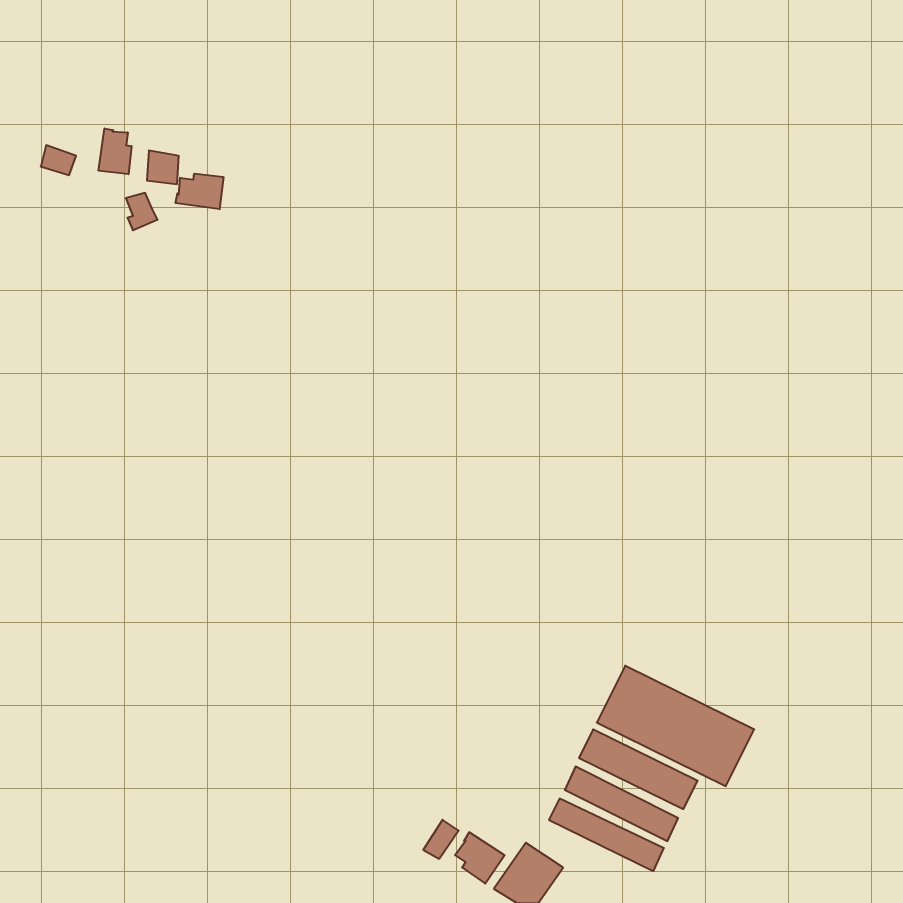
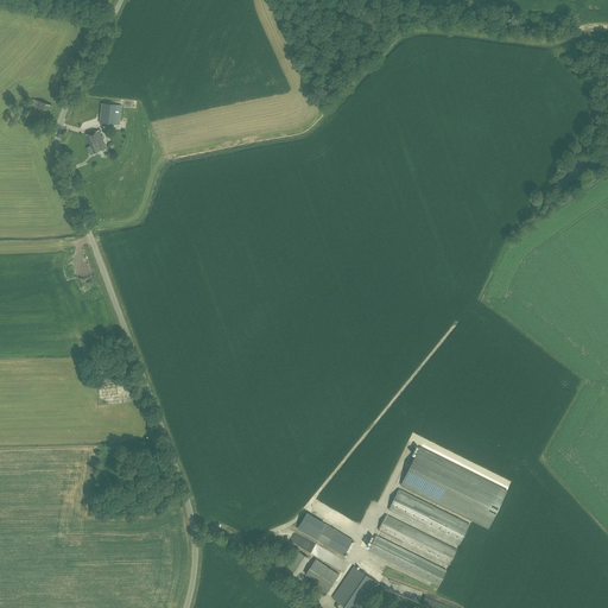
building: [99,128,132,174] -> none
building: [176,174,223,209] -> none
building: none -> [297,512,352,555]

